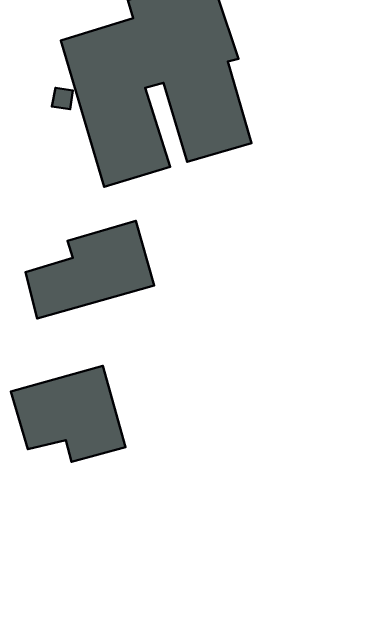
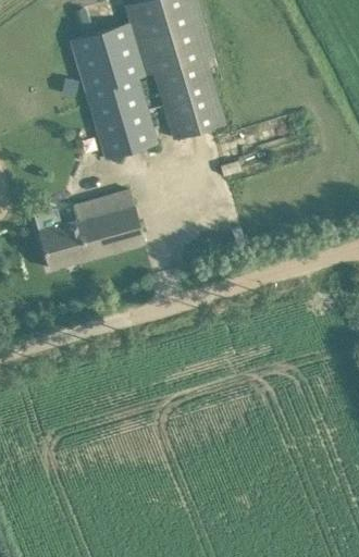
building: [11,366,125,462] -> none

